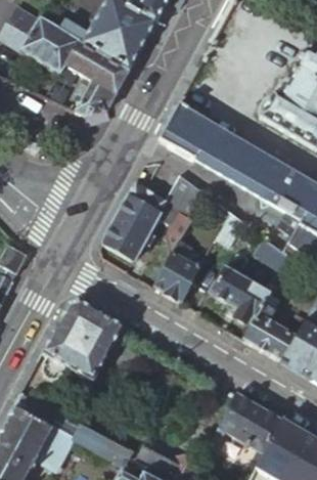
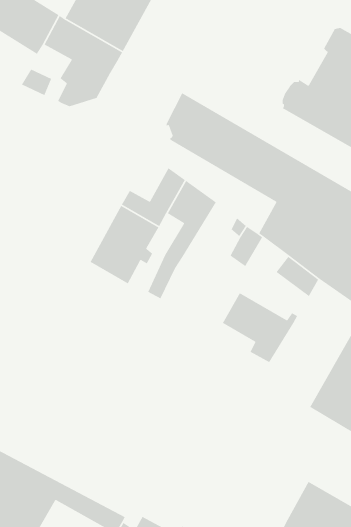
building: [153,238,199,303] -> none
building: [242,293,307,361] -> none
building: [43,303,122,382] -> none
building: [208,395,281,454] -> none

